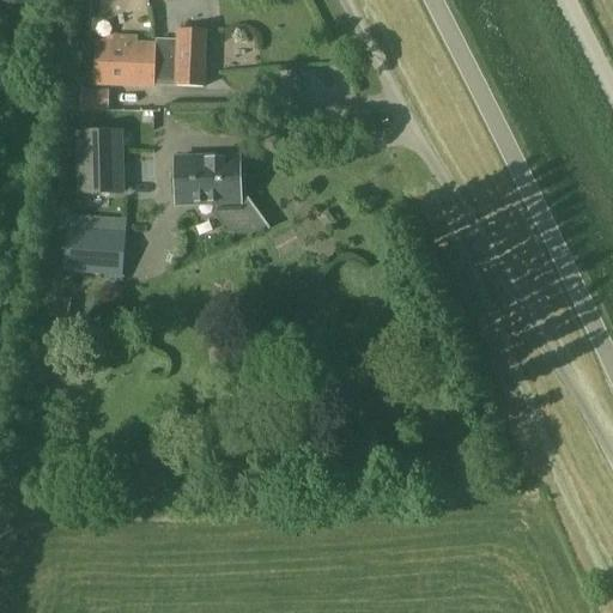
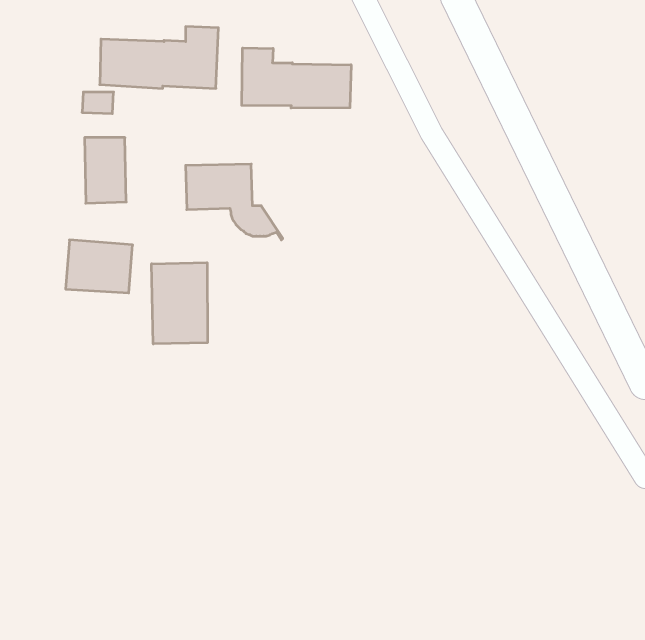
building: none -> [242,48,351,108]
building: none -> [152,263,207,344]

